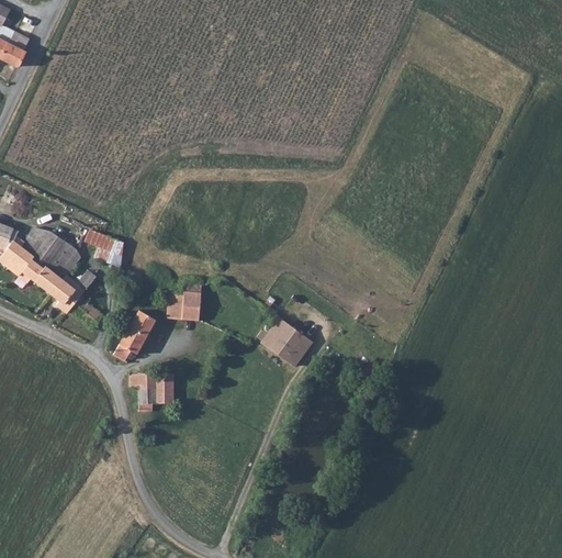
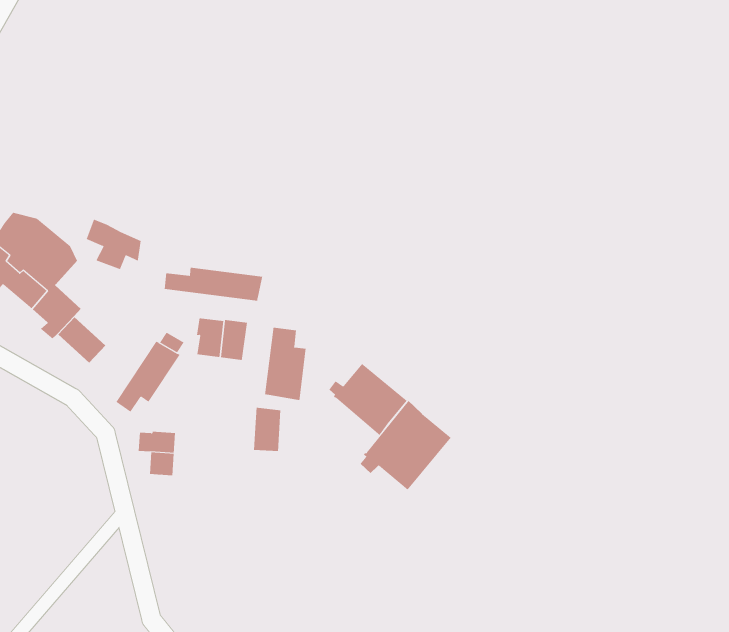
building: none -> [164,267,263,301]
building: none -> [264,327,306,401]
building: none -> [360,400,452,491]
building: [156,373,173,403] -> [253,407,281,452]

